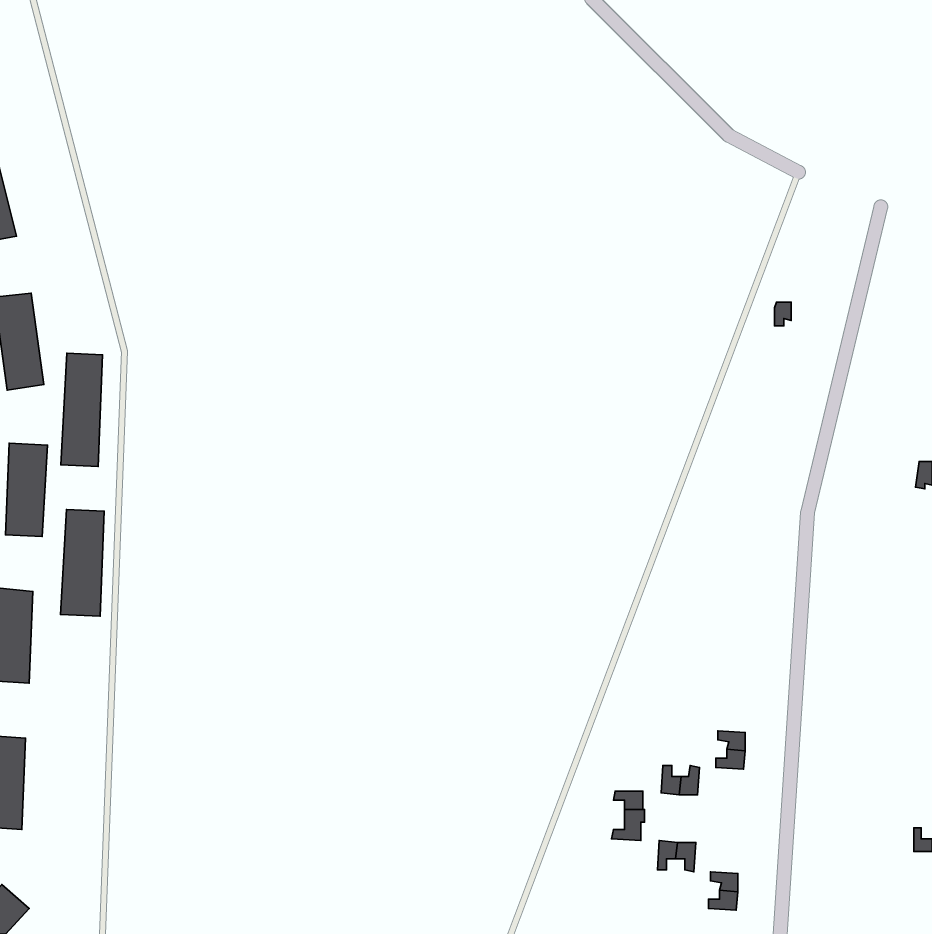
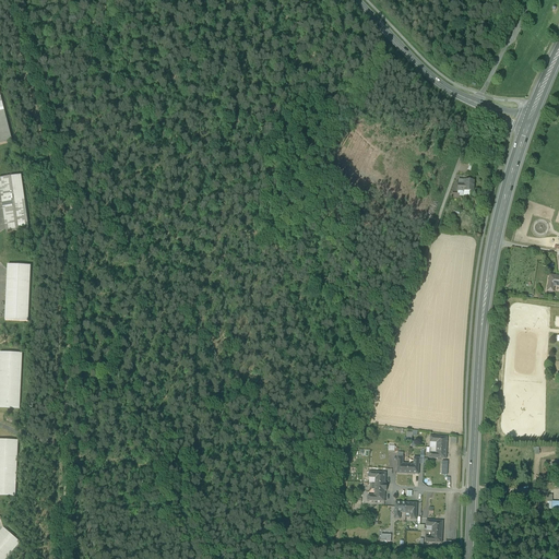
building: [61,353,103,467] -> none
building: [61,509,104,616] -> none

